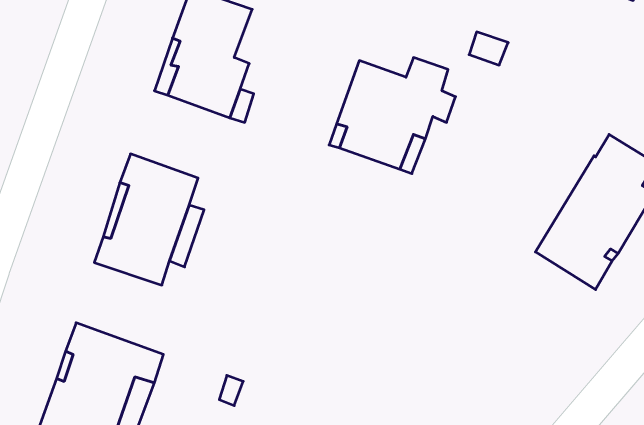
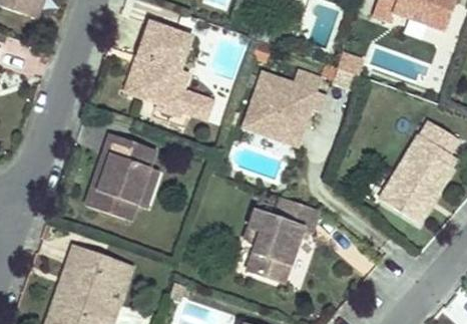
building: none -> [246,197,320,281]

